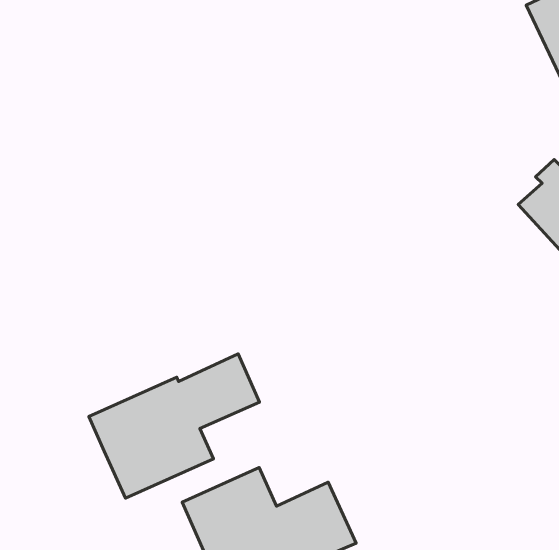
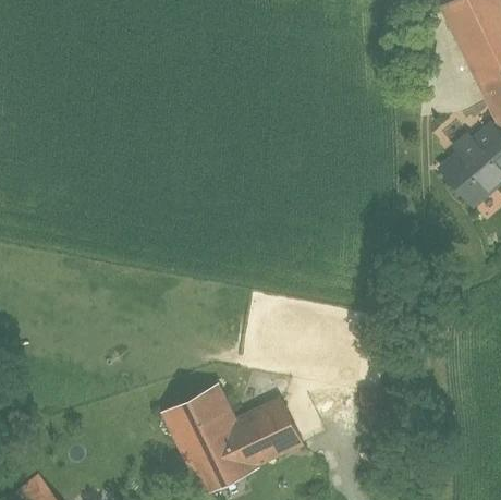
building: [89,354,259,498] -> none

